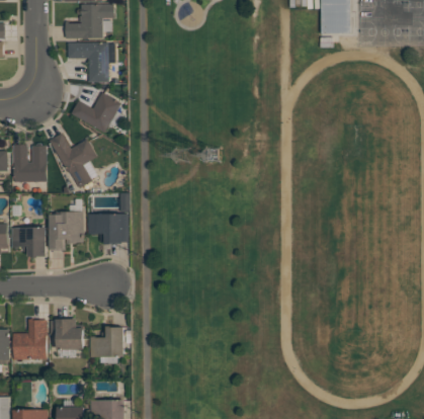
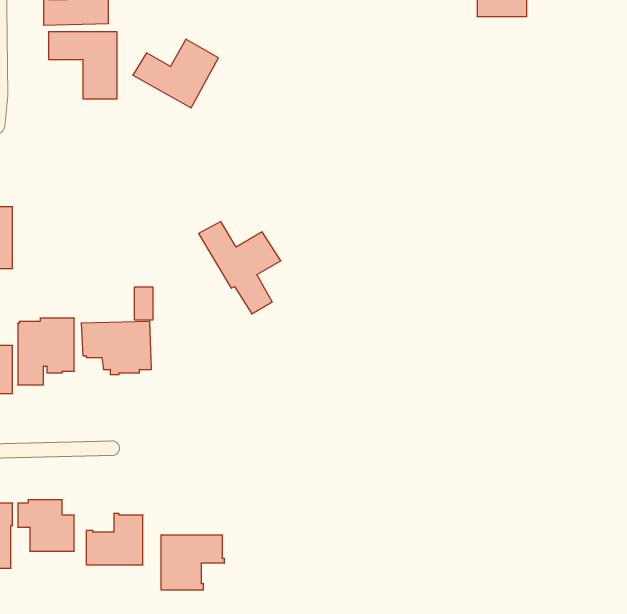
building: [70,92,120,133] -> [133,39,218,108]
building: [49,134,97,188] -> [199,221,281,314]
building: none -> [161,535,224,590]

